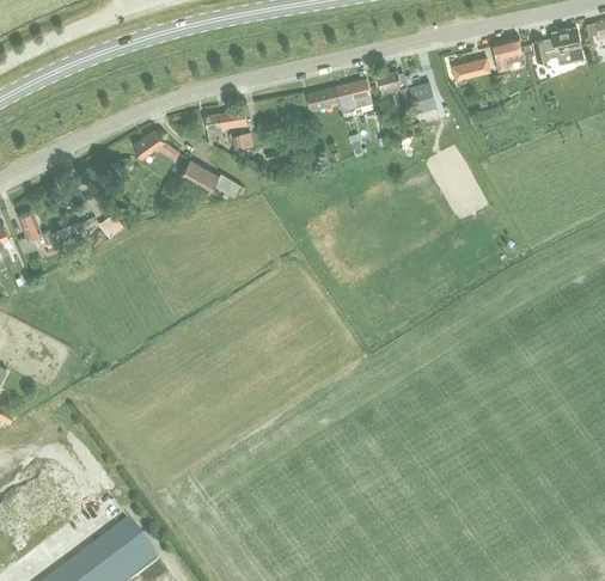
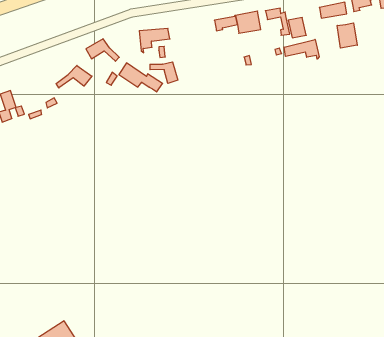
building: none -> [337,23,357,48]
building: none -> [284,39,319,59]
building: none -> [150,62,178,83]
building: none -> [56,65,92,88]

